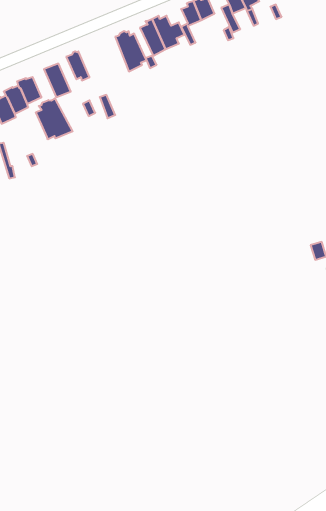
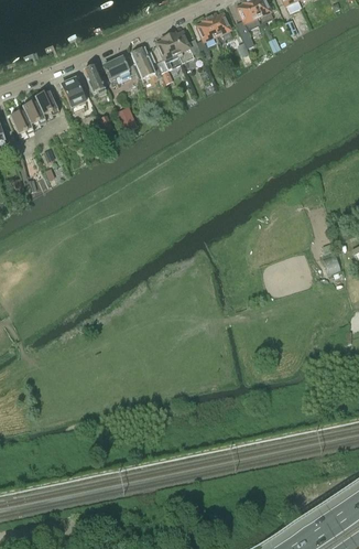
building: none -> [104,55,137,80]
building: [36,98,73,139] -> none

